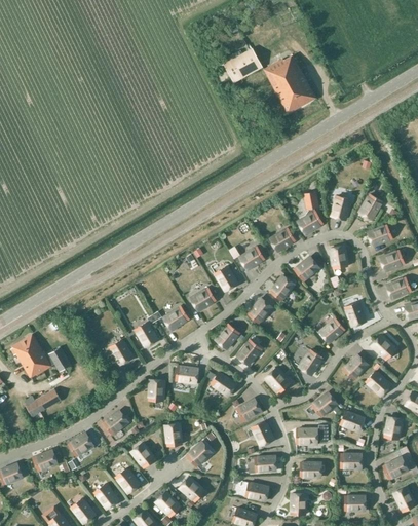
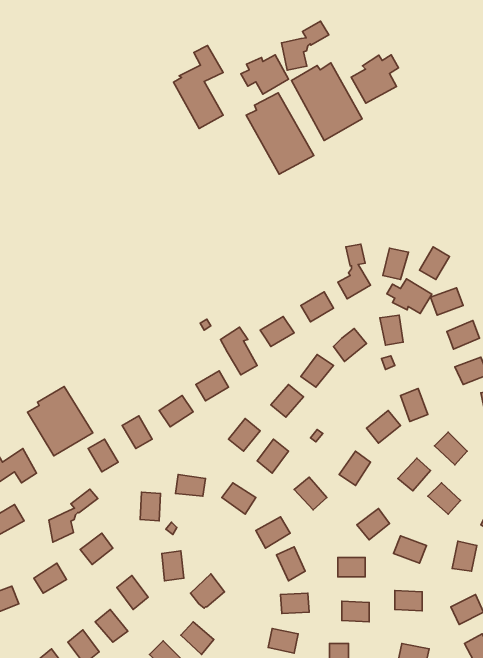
building: none -> [282,21,329,70]
building: none -> [173,46,223,128]
building: none -> [351,55,399,103]
building: none -> [246,93,314,174]
building: none -> [387,279,432,314]
building: none -> [27,386,93,456]
building: none -> [49,489,98,542]

